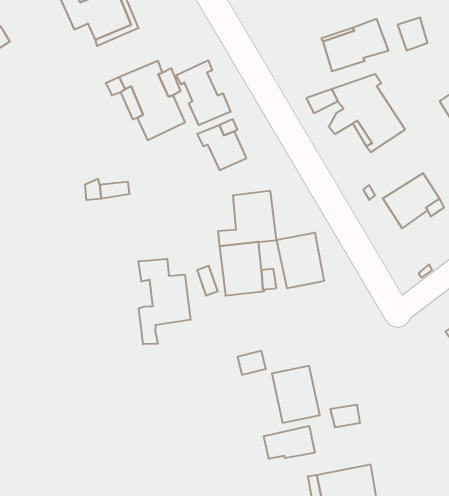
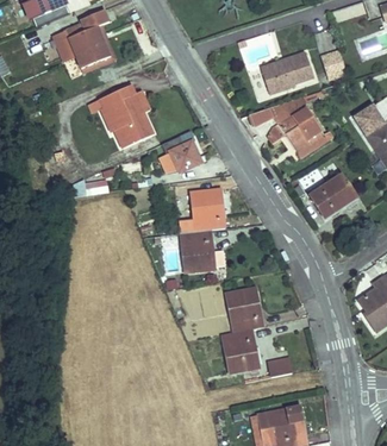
building: [176,60,231,125] -> none
building: [276,233,324,288] -> [225,288,263,332]
building: [138,259,190,344] -> none
building: [264,426,315,459] -> none

